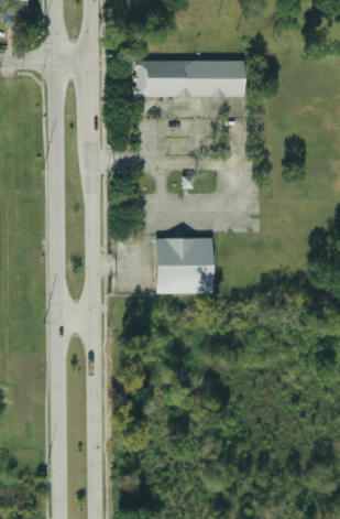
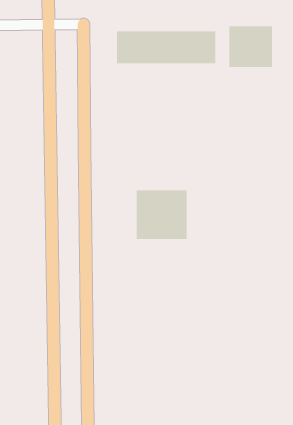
building: none -> [228,26,273,68]

